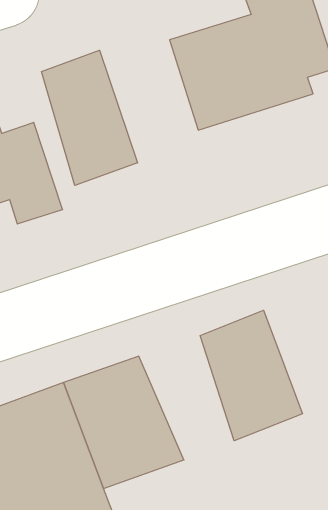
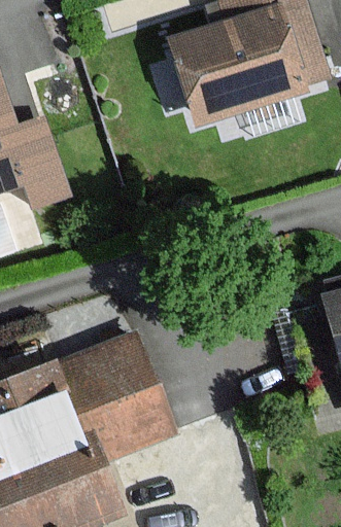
building: [41,50,138,185] -> none
building: [200,310,302,441] -> none

